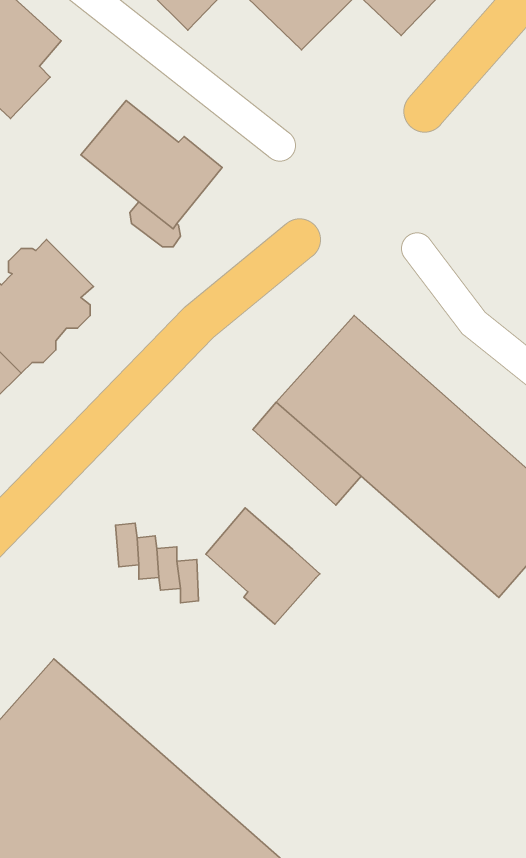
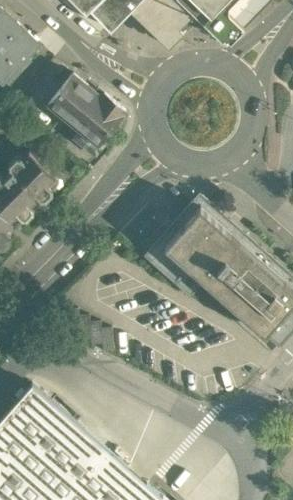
building: [206,508,320,624] -> none

